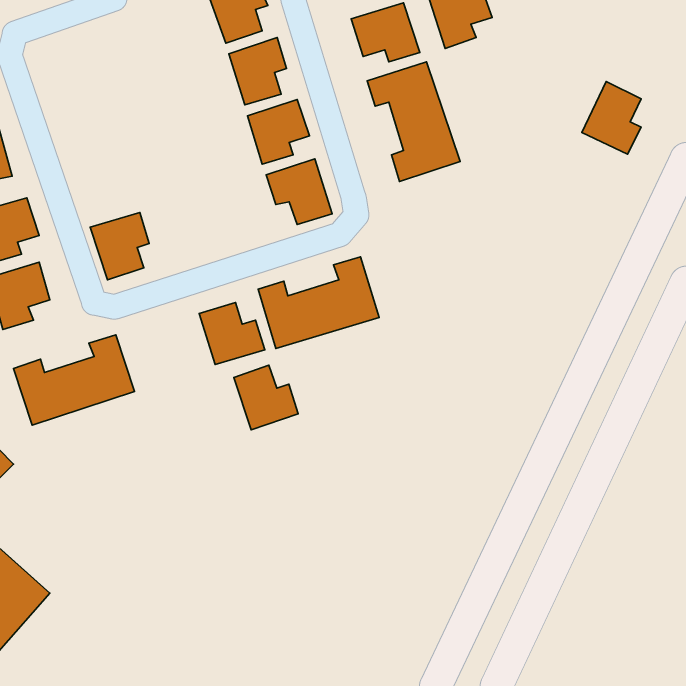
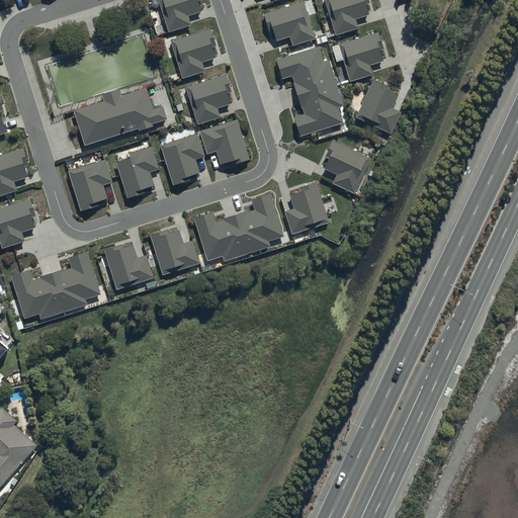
building: none -> [336,31,383,81]
building: [582,81,641,154] -> [356,79,401,134]
building: none -> [74,87,167,146]
building: none -> [160,135,204,185]
building: none -> [321,141,370,193]
building: none -> [115,149,160,199]
building: none -> [284,183,329,235]
building: [234,365,298,430] -> [104,241,153,289]

